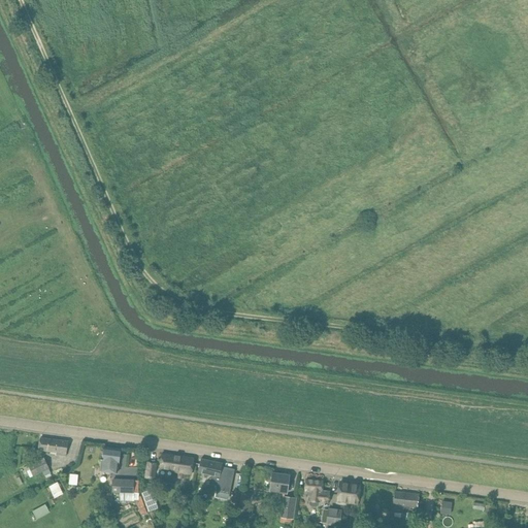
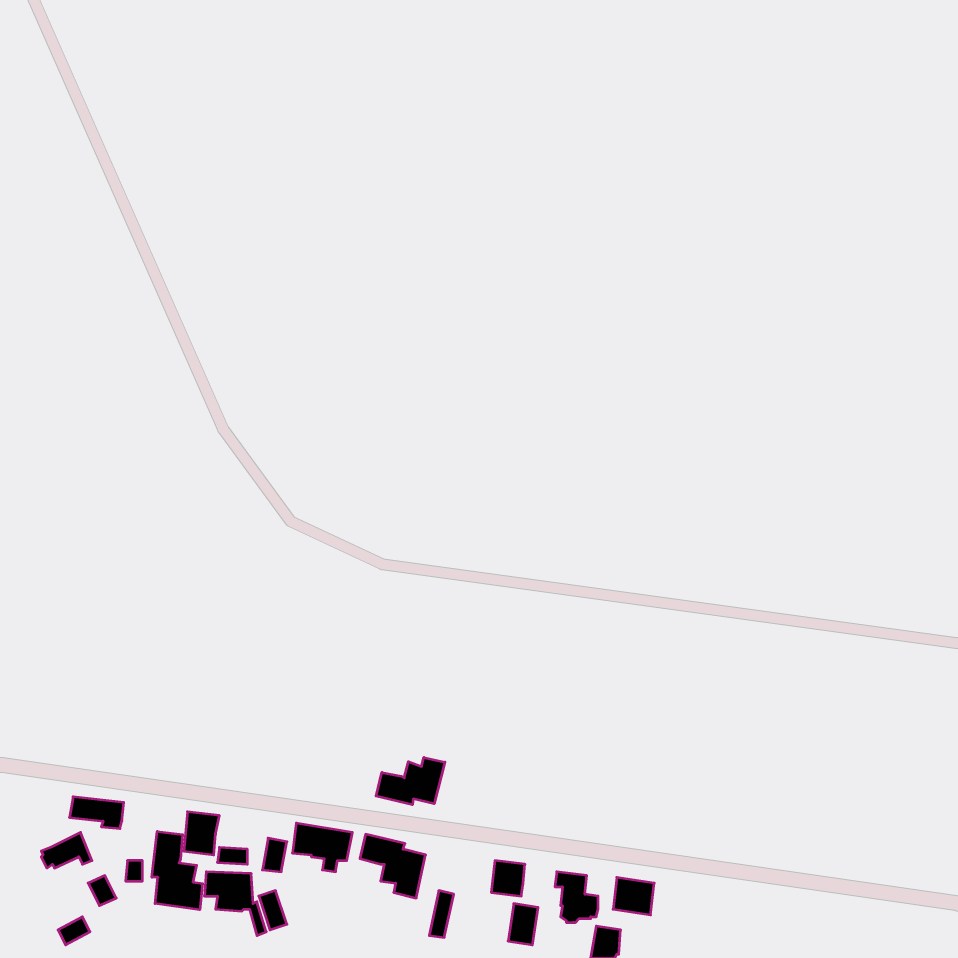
building: none -> [376,757,445,805]
building: none -> [152,831,203,910]
building: [392,492,419,514] -> none

